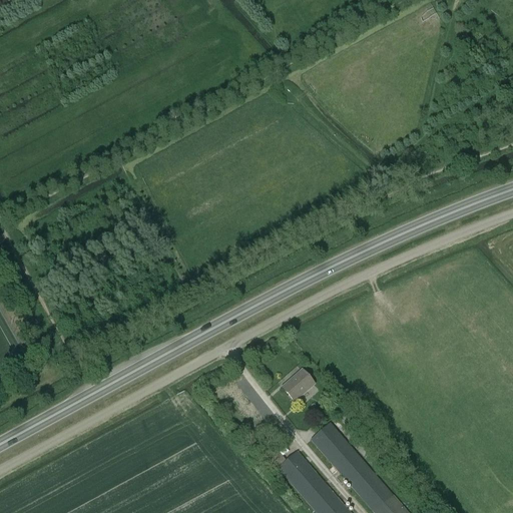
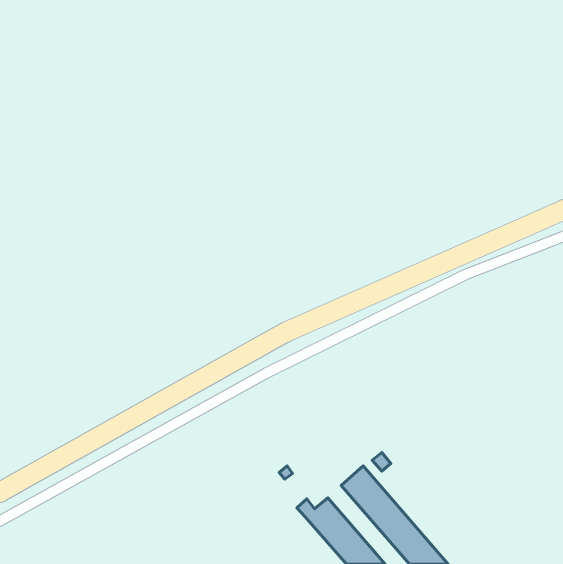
building: [283,371,316,403] -> none

